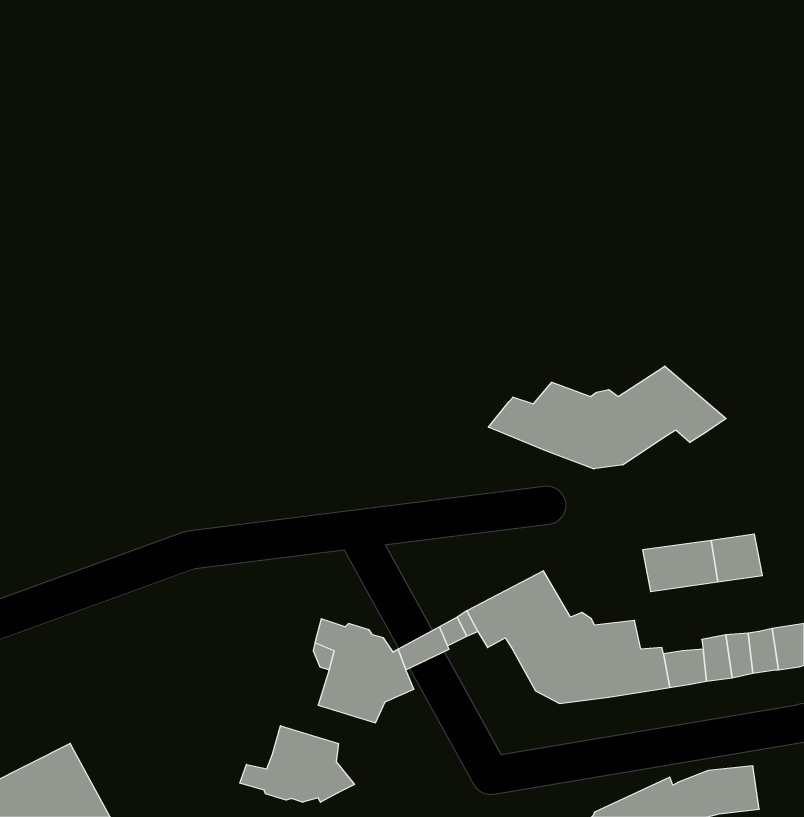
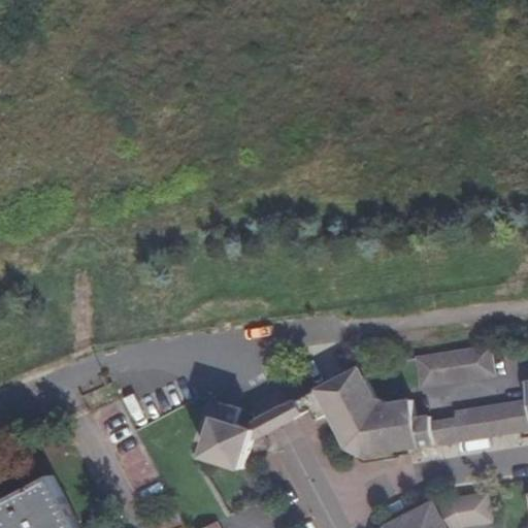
building: [488,366,726,469] -> none
building: [240,726,354,802] -> none

